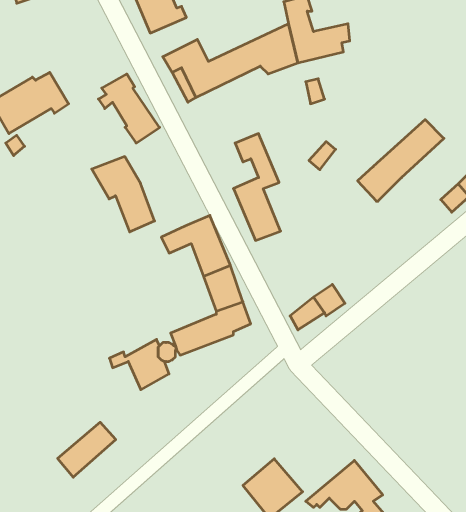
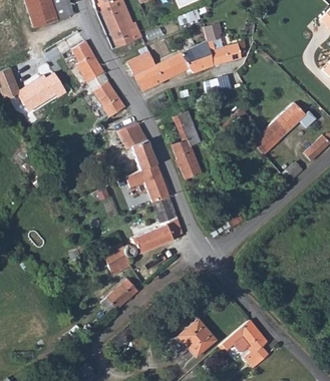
building: none -> [72,41,103,82]
building: [92,157,155,232] -> [116,122,156,170]
building: [58,422,116,477] -> [100,279,137,314]

